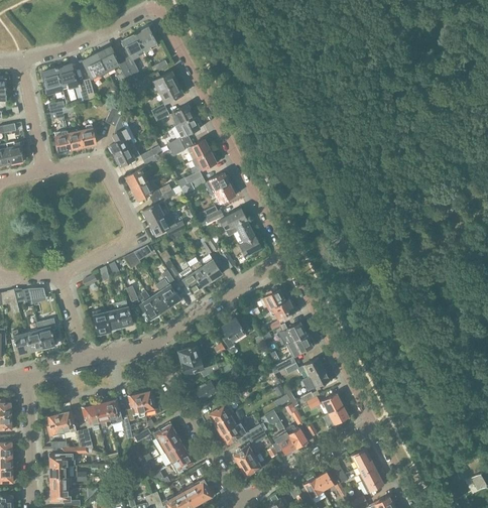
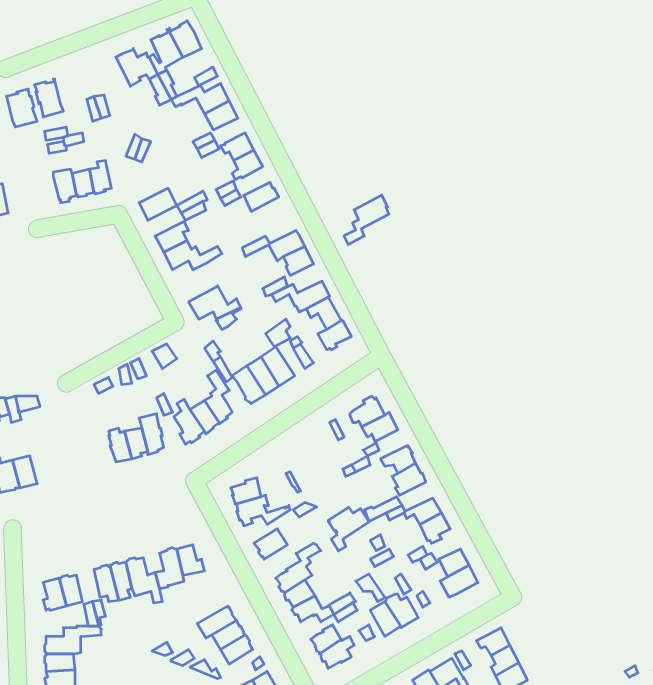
building: [83,53,109,79] -> none
building: [55,65,77,91] -> [6,89,37,127]
building: [109,127,137,154] -> none
building: [185,150,216,184] -> [344,195,389,245]
building: [143,189,174,223] -> none
building: [221,319,249,349] -> [328,507,369,551]
building: [36,320,55,349] -> none
building: [132,423,175,446] -> none

